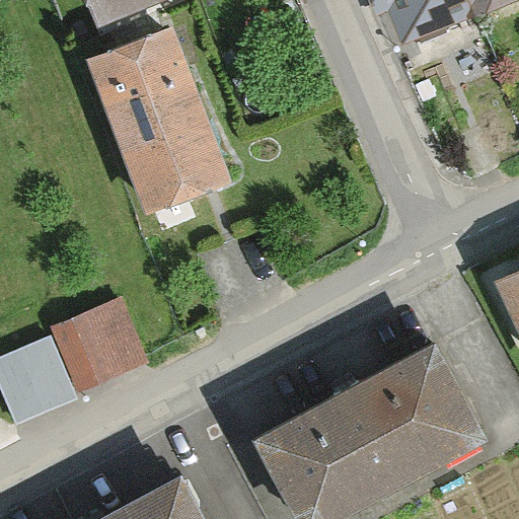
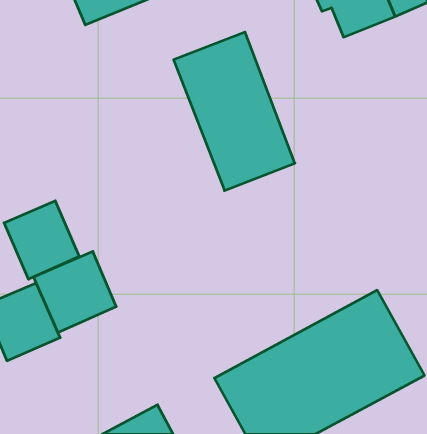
building: [86,27,229,214] -> [174,32,295,191]
building: none -> [4,201,79,279]

